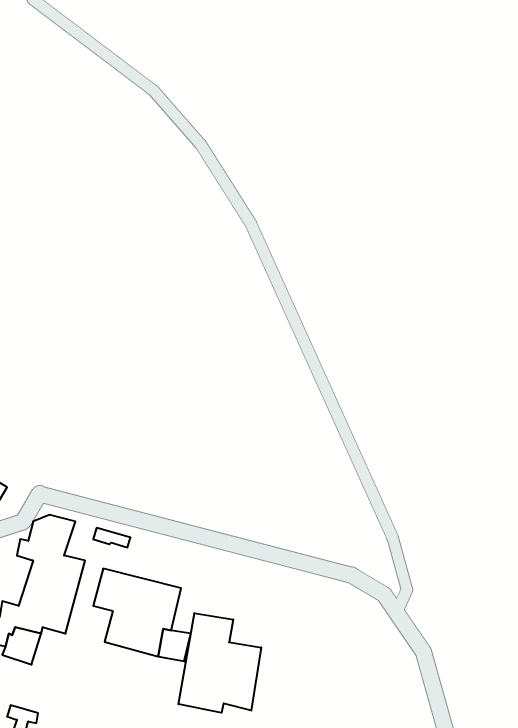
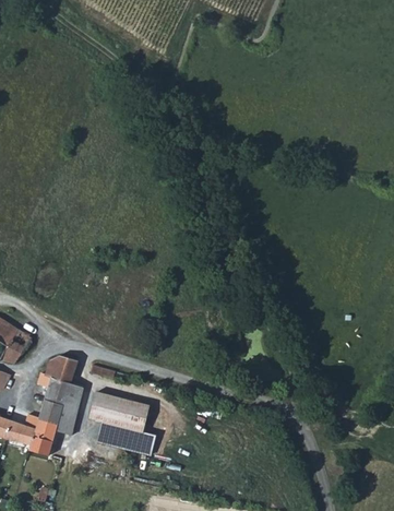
building: [178,613,261,713] -> none

